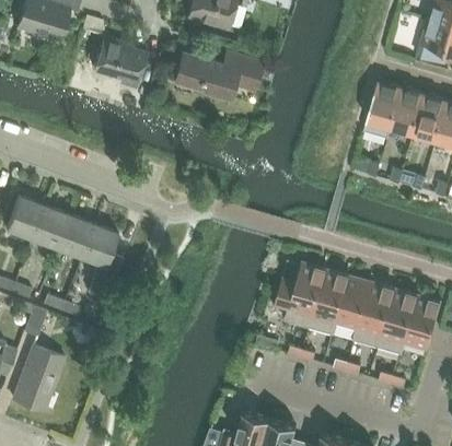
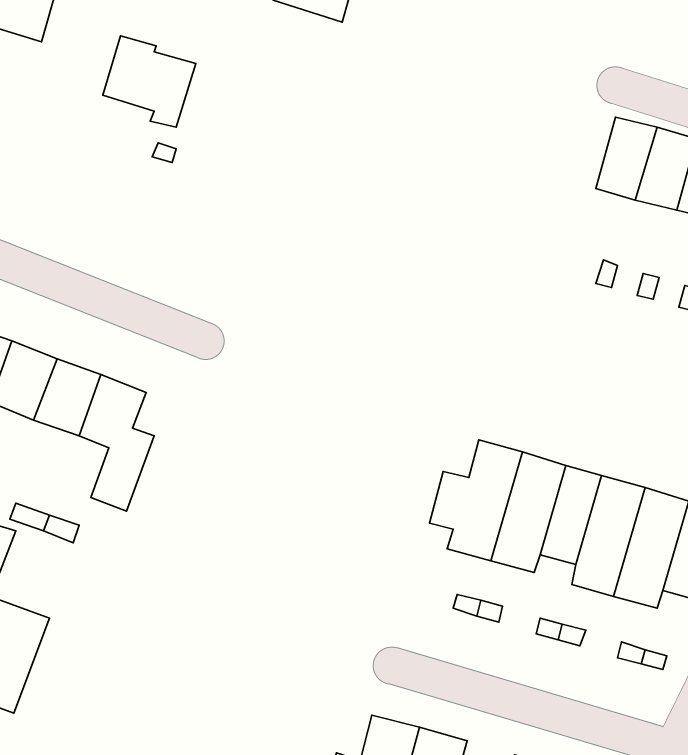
building: [173,52,262,97] -> none

